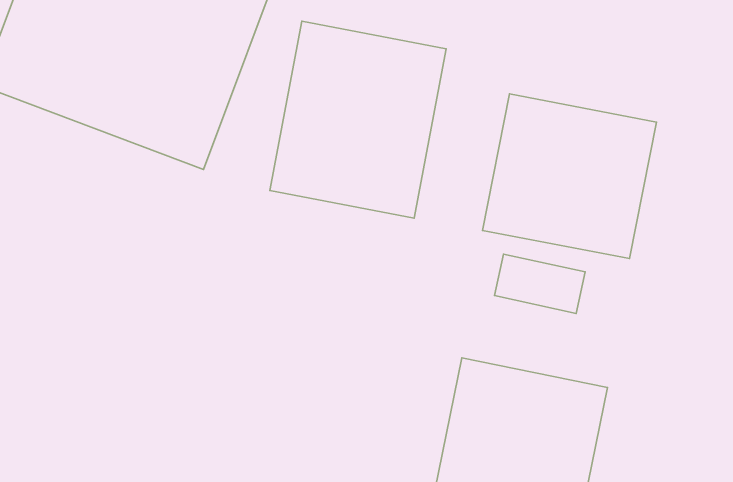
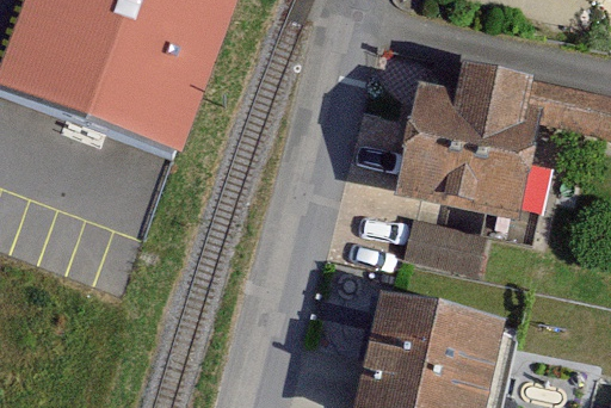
building: [270,21,446,218] -> none

